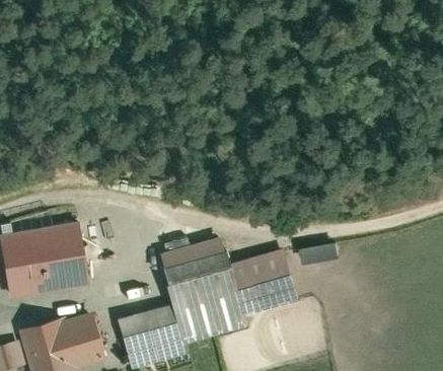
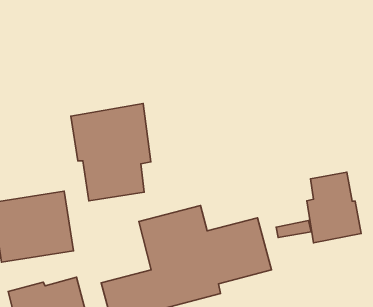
building: none -> [71,104,151,201]
building: none -> [307,172,361,243]

